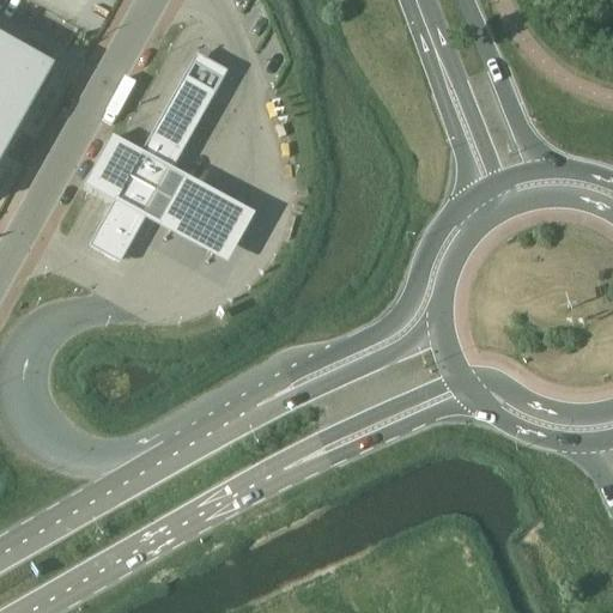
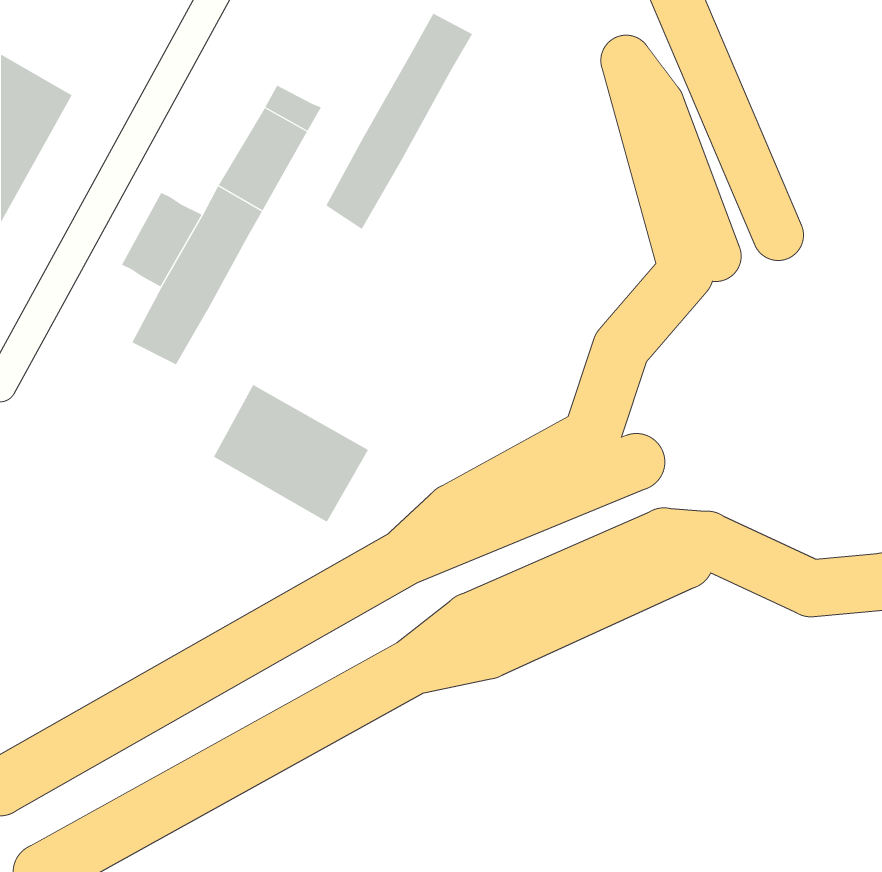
building: none -> [325,13,473,230]
building: [145,165,253,261] -> [213,384,369,522]

